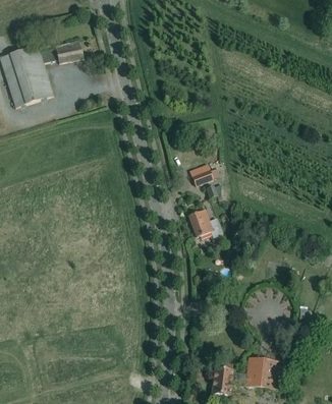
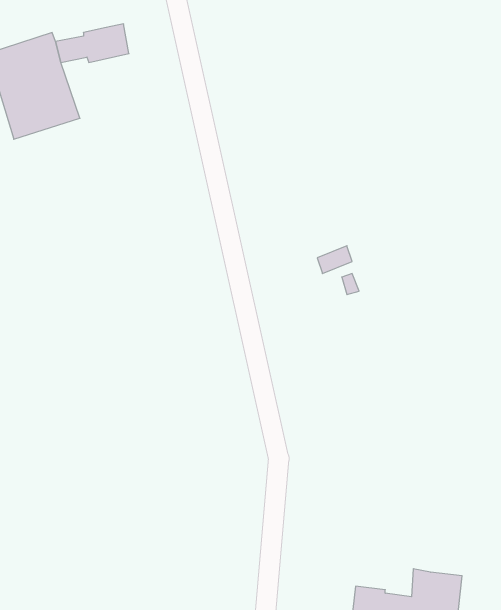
building: [188,210,222,236] -> none

